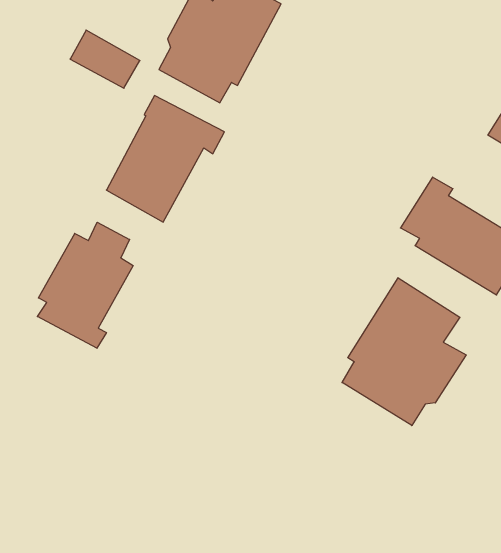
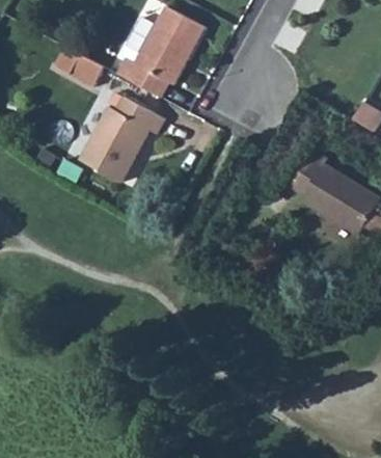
building: [37,222,133,348] -> none
building: [342,278,466,426] -> none

